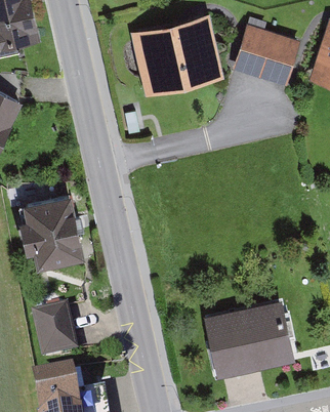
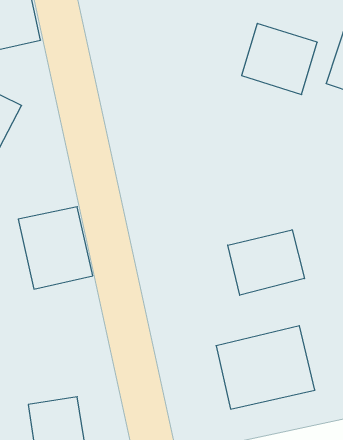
building: [127,12,221,93] -> none
building: none -> [228,230,304,295]
building: [26,303,74,360] -> none

